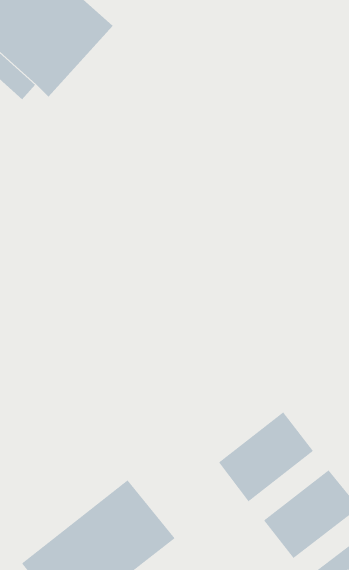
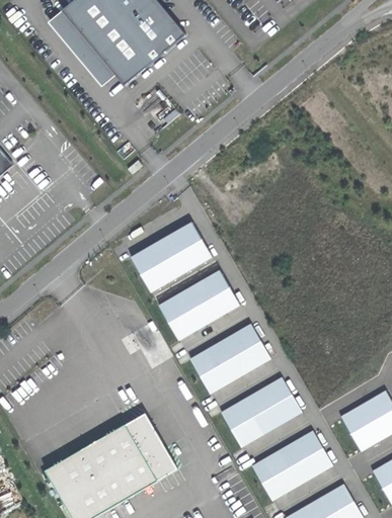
building: none -> [131,222,213,292]
building: none -> [160,270,241,340]
building: none -> [189,323,271,394]

